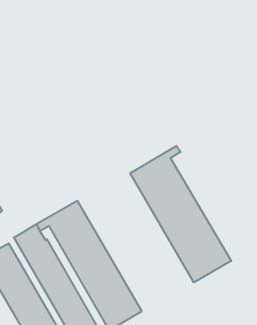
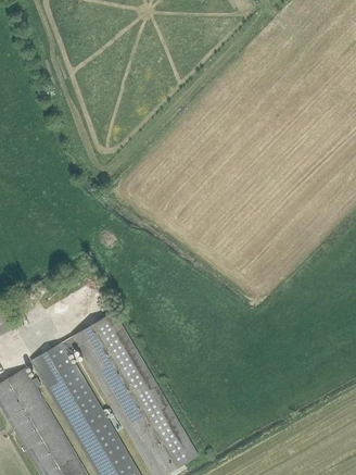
building: [130,146,231,282] -> none

